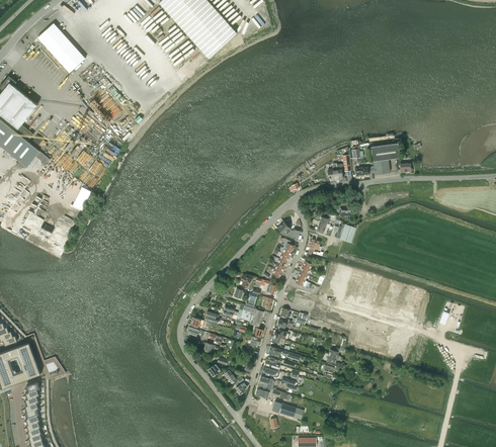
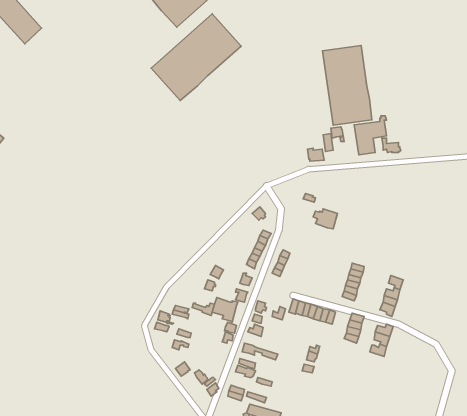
building: none -> [151,14,241,100]
building: none -> [322,45,372,125]

